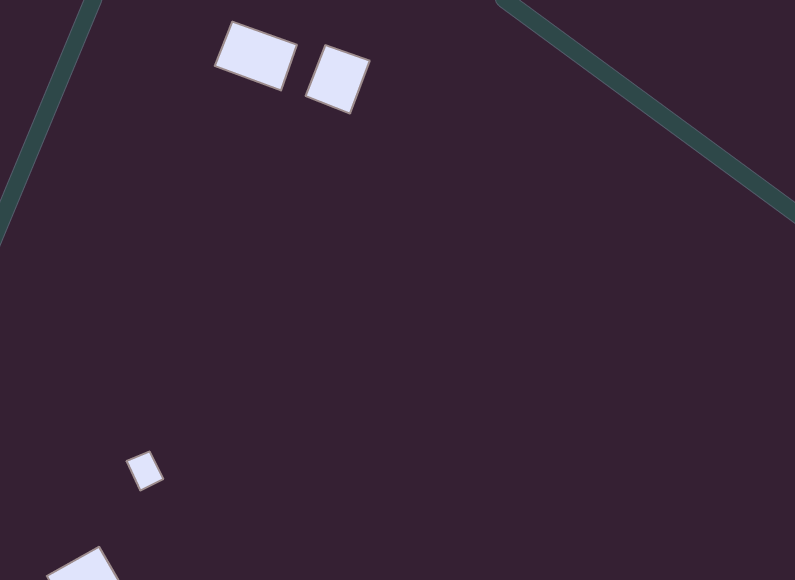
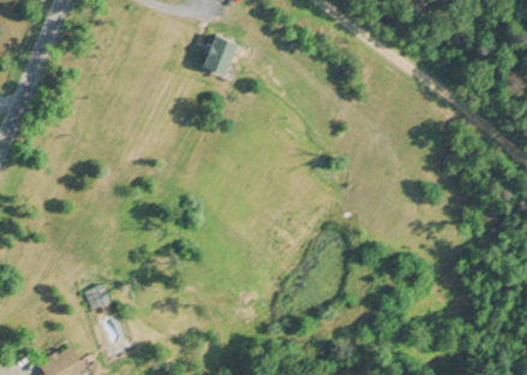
building: [215,22,297,91] -> none

